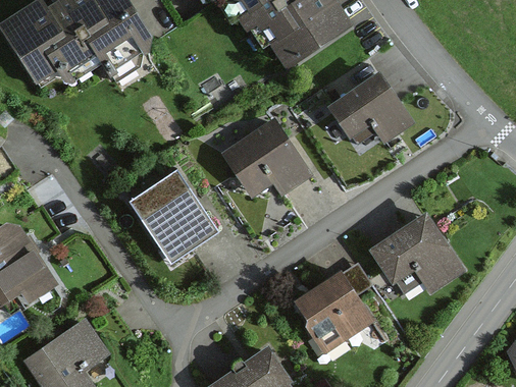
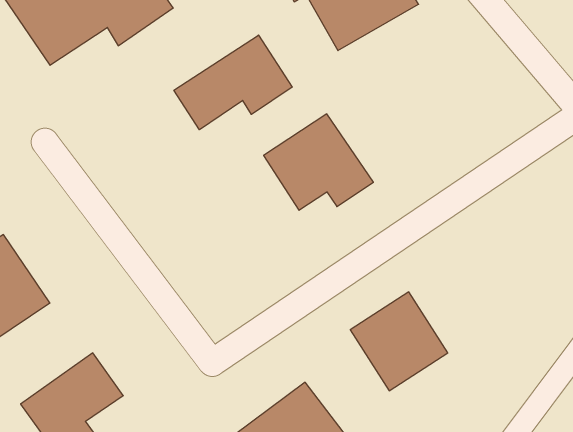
building: none -> [174,35,292,130]
building: [327,73,412,144] -> none
building: [134,173,222,269] -> none
building: [364,212,464,297] -> none

